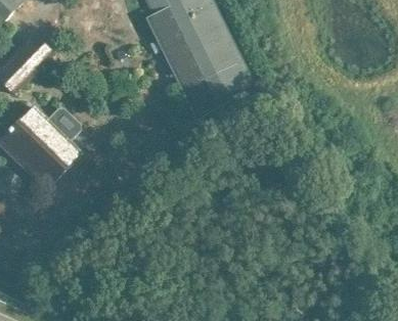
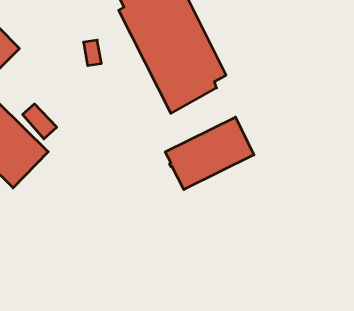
building: none -> [165,117,254,190]

